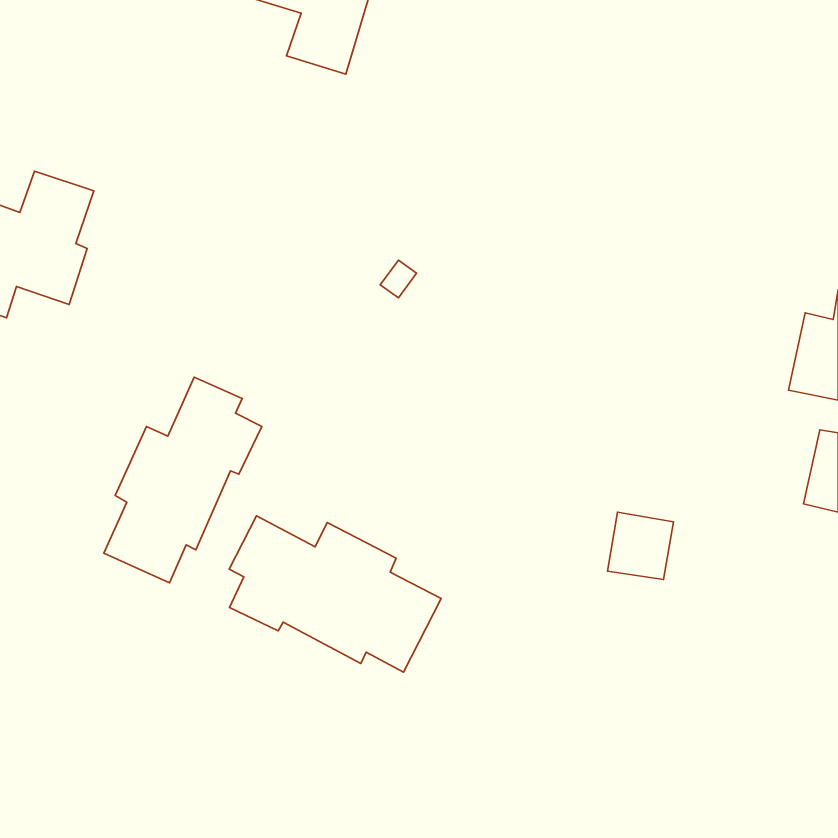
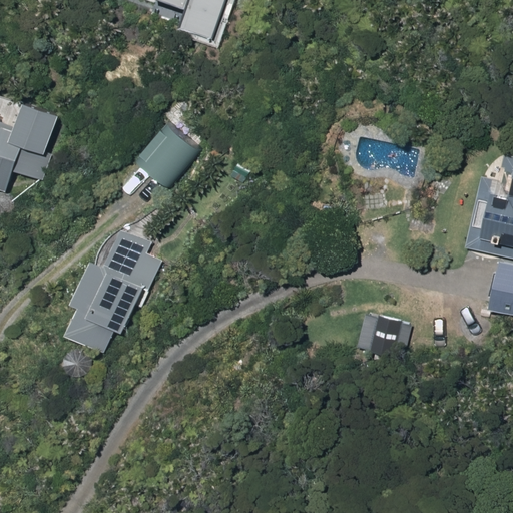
building: none -> [133,119,201,188]
building: [229,516,441,672] -> none

